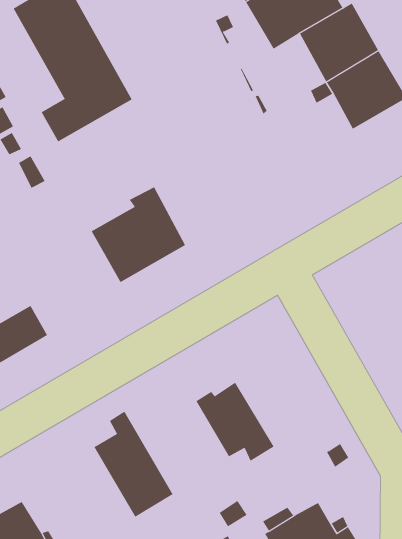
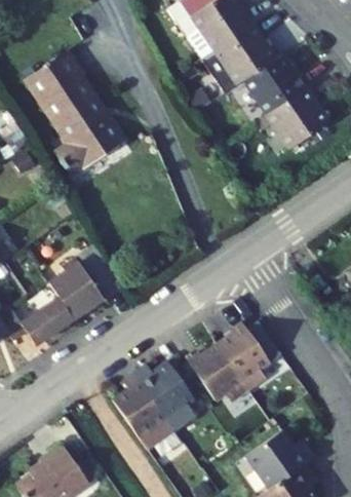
building: [91,186,186,283] -> [48,245,120,319]
building: none -> [216,322,270,390]
building: none -> [134,362,196,431]

